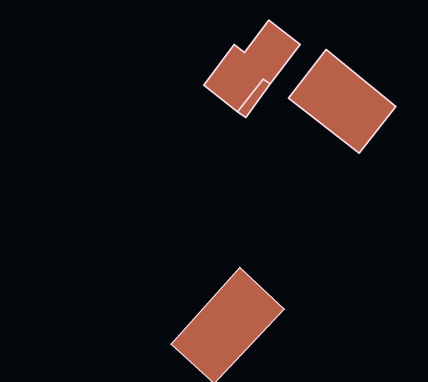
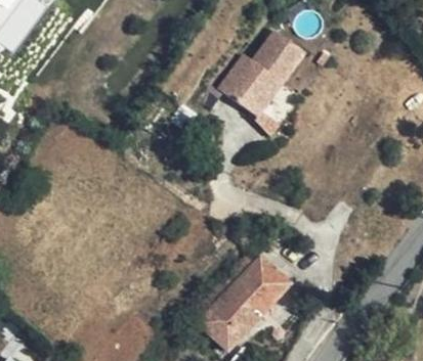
building: [289,49,396,153] -> none

